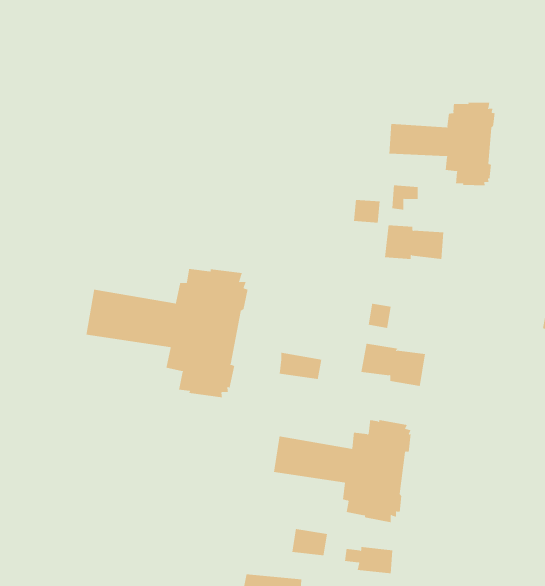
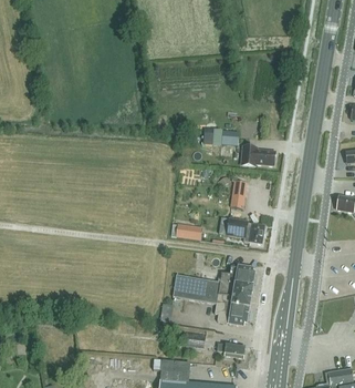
building: [389,102,495,186] -> none
building: [86,268,248,398] -> none

